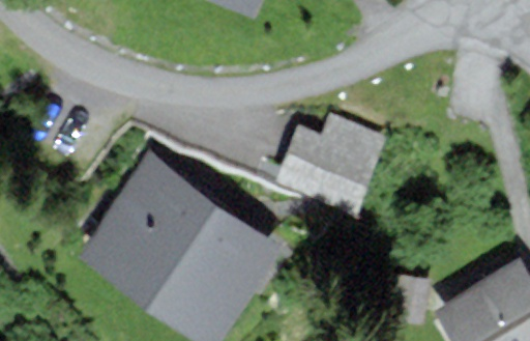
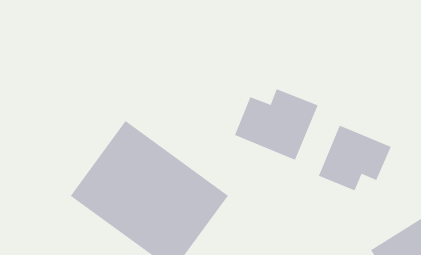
building: none -> [318,125,392,191]

